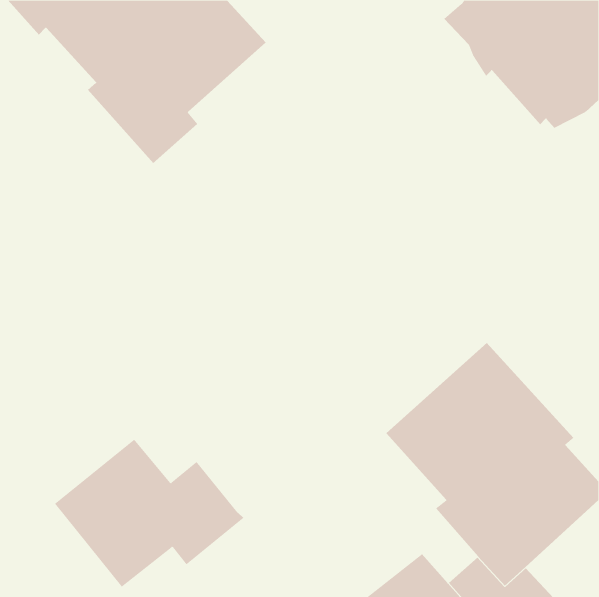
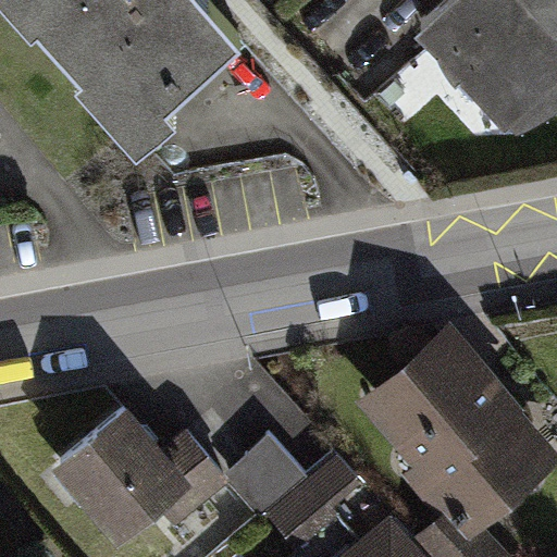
building: none -> [220,435,359,548]

